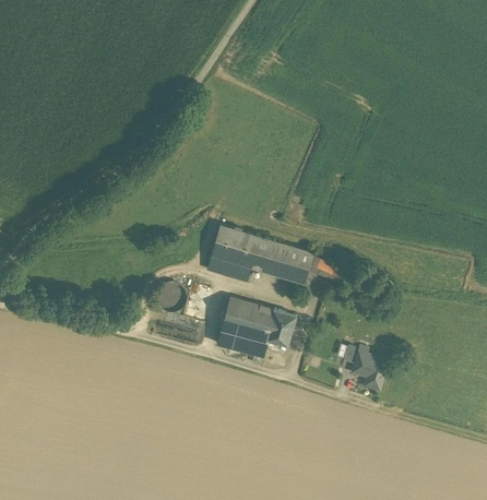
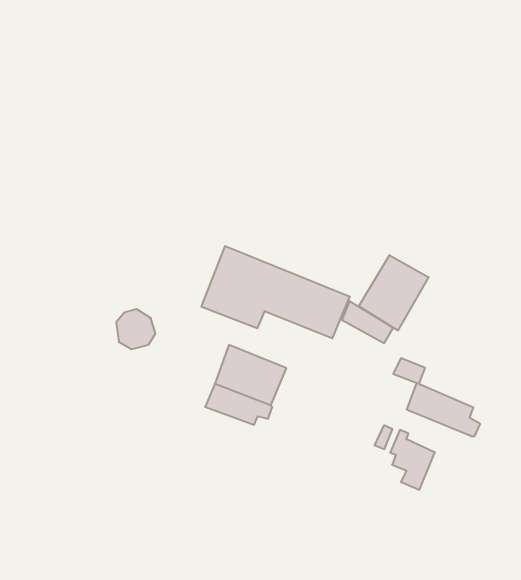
building: none -> [359,255,429,331]
building: [264,309,296,345] -> none
building: none -> [407,383,480,437]

